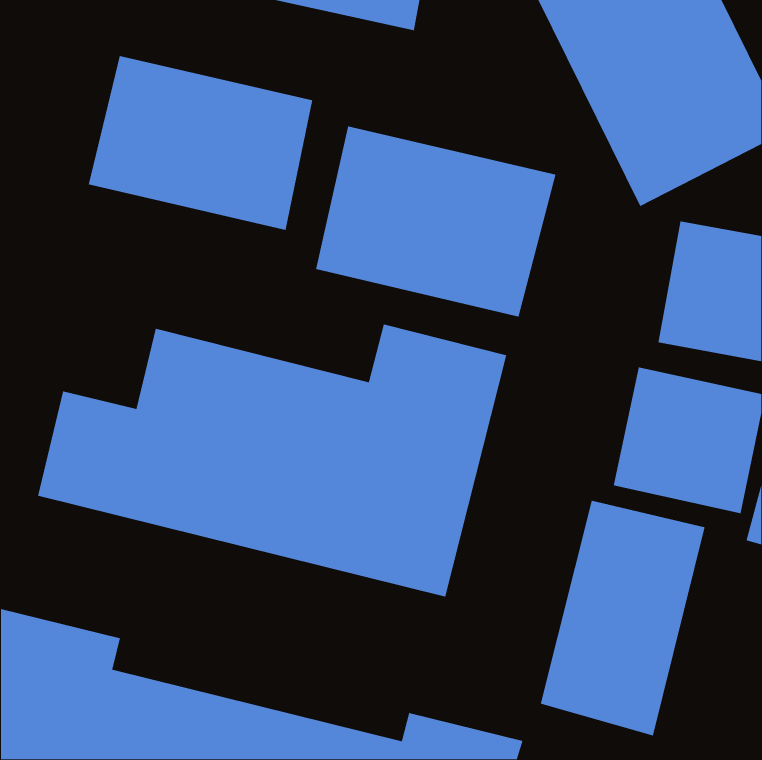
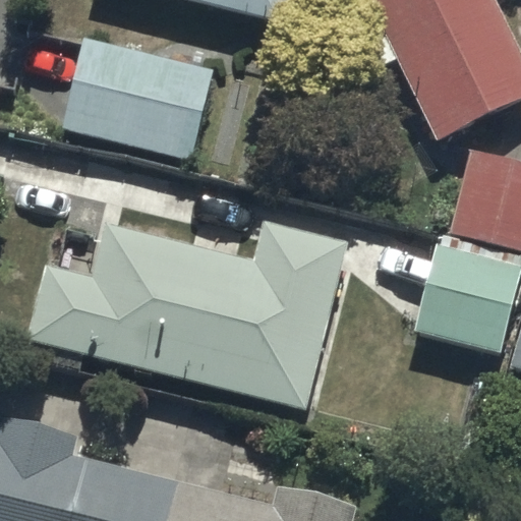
building: [315,125,557,317] -> none
building: [540,500,705,736] -> none

